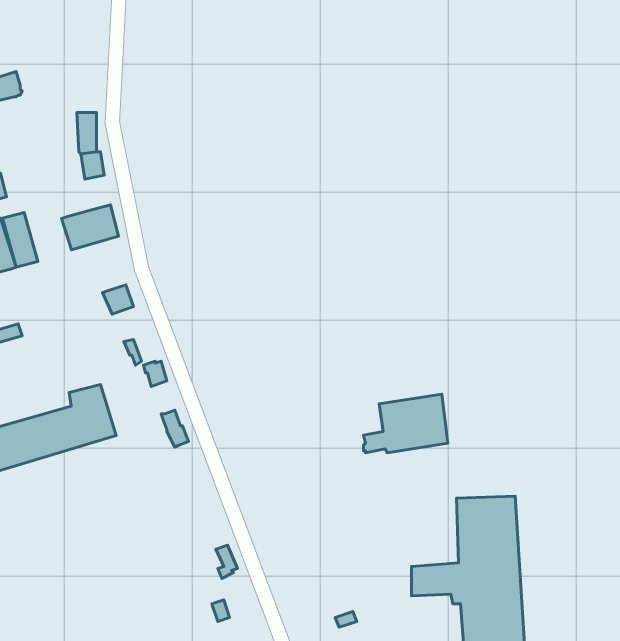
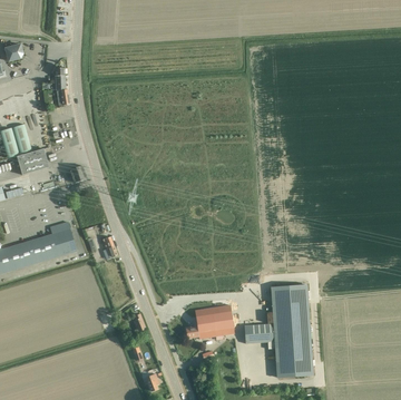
building: [62,205,118,250] -> [17,148,49,174]
building: [364,394,448,453] -> [186,304,234,338]

